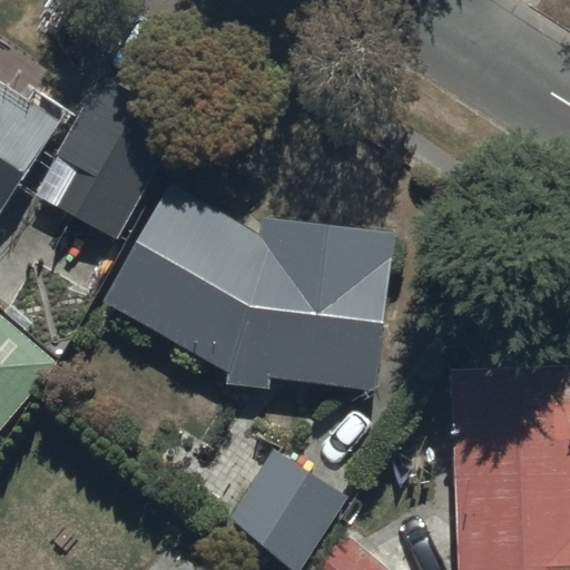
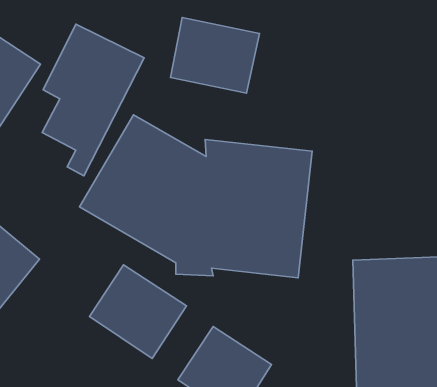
building: none -> [170,18,259,93]
building: none -> [89,265,186,358]

